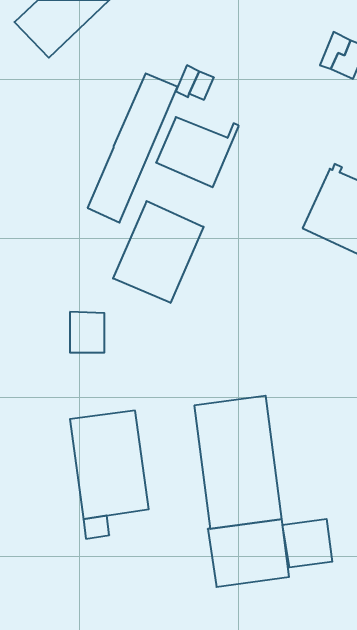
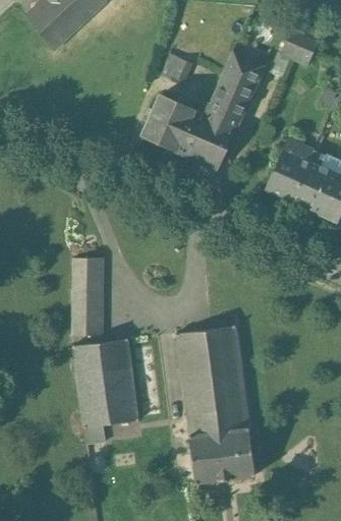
building: [88,73,178,223] -> [191,44,266,167]
building: [113,201,204,303] -> none
building: none -> [73,291,102,336]
building: [282,519,332,567] -> none

